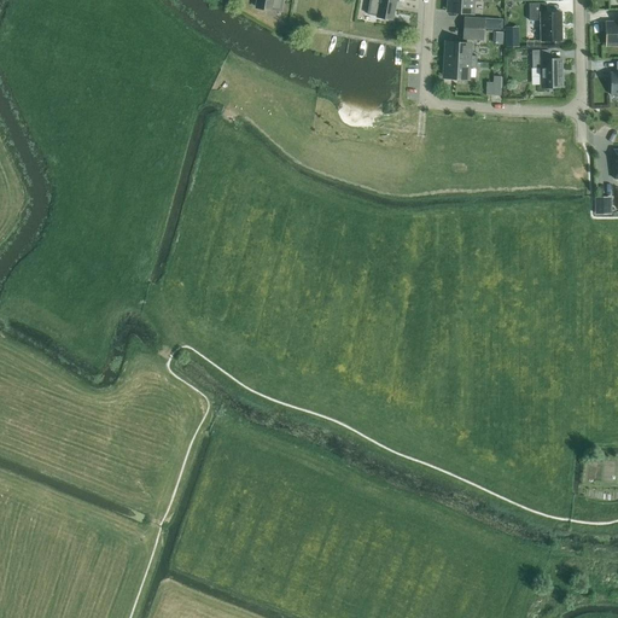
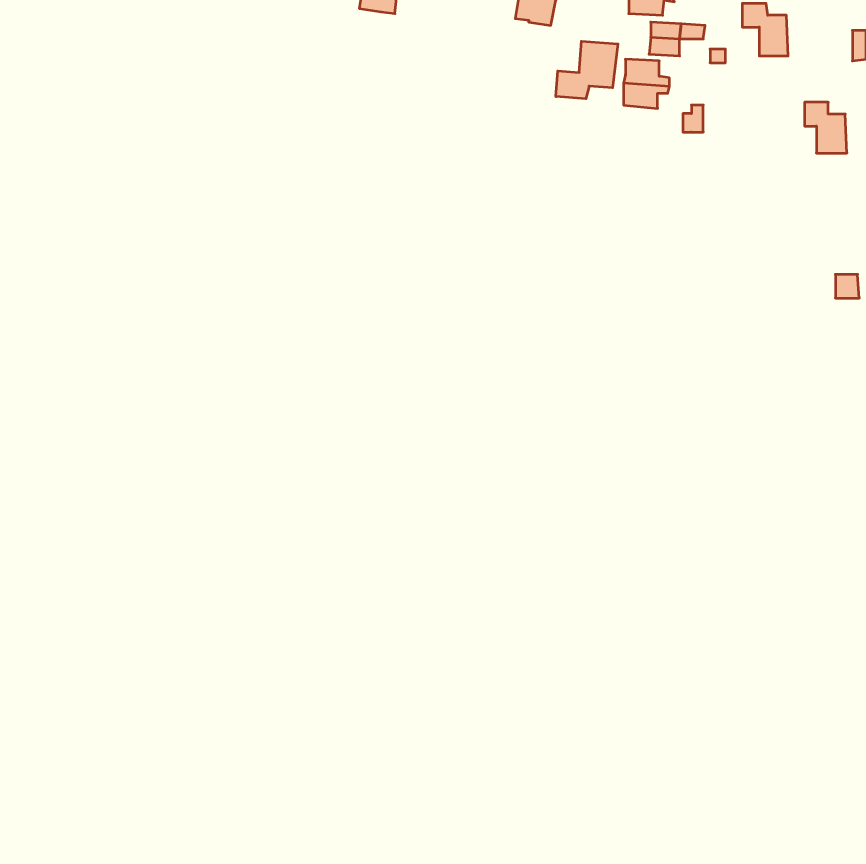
building: none -> [556,41,618,99]
building: [532,49,562,86] -> [805,102,847,153]

